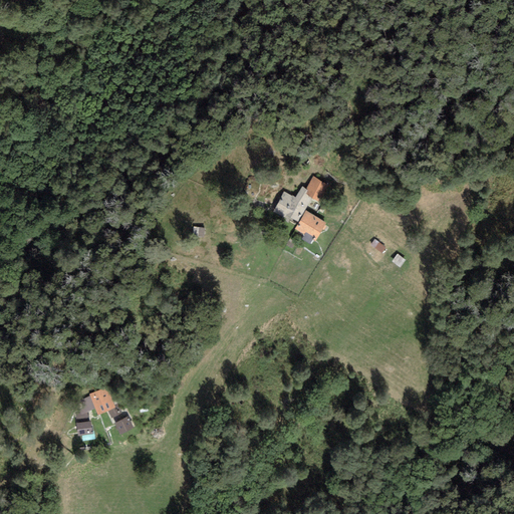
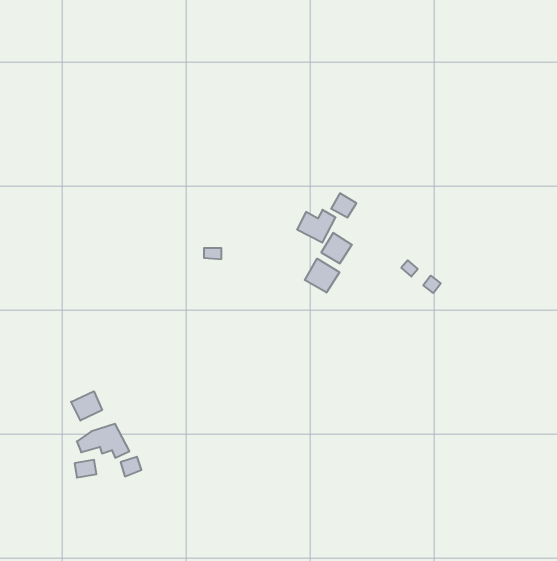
building: none -> [305,259,339,293]
building: none -> [71,391,102,421]

